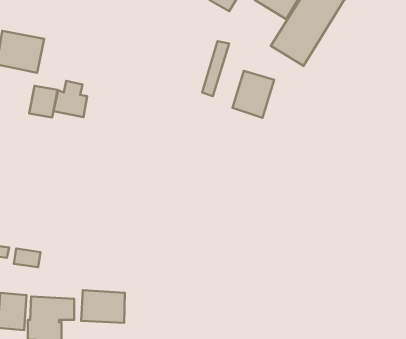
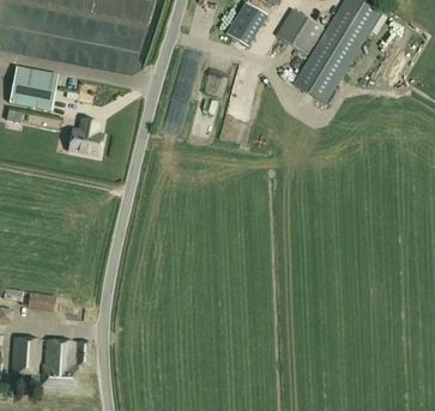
building: [233,71,274,118] -> none
building: [29,86,57,118] -> none
building: [81,290,125,323] -> none

